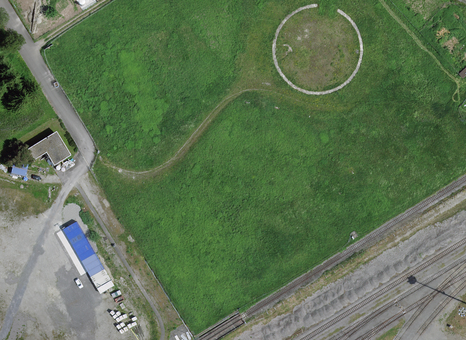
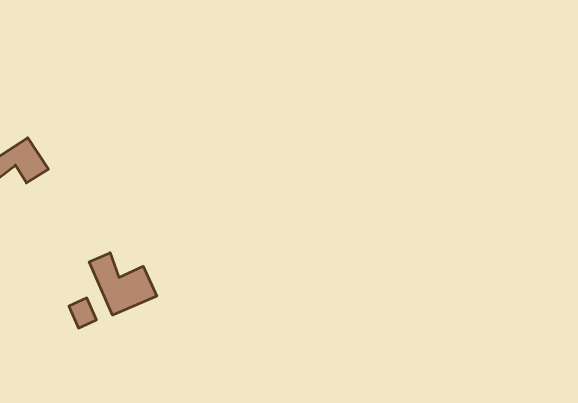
building: none -> [89,253,157,315]

